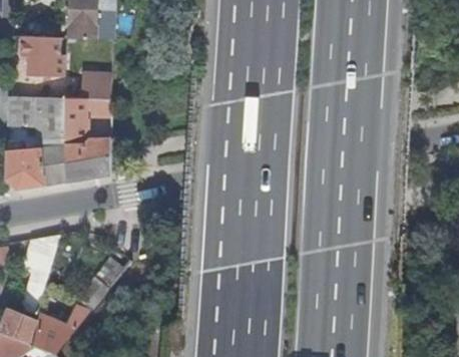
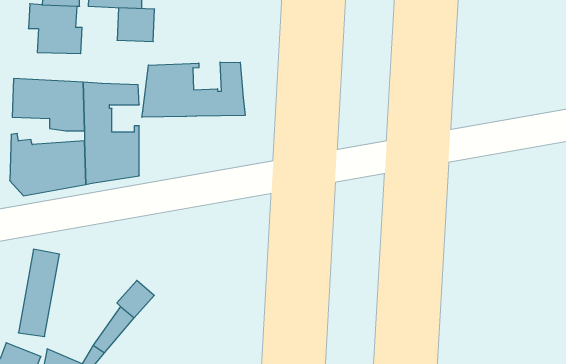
building: [82,73,112,100] -> [117,8,155,42]
building: none -> [142,62,245,117]

